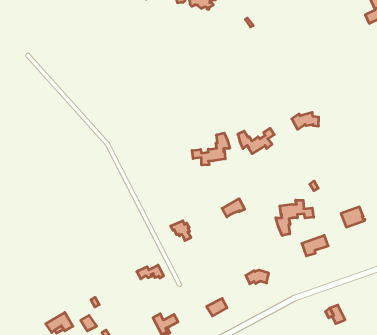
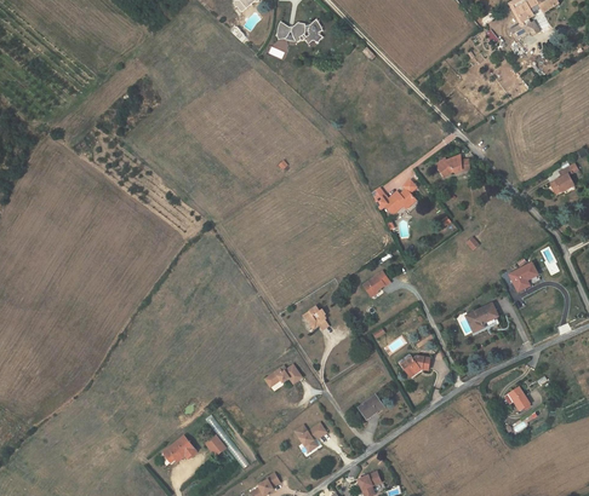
building: [192,133,230,165] -> none
building: [276,200,314,236] -> none

